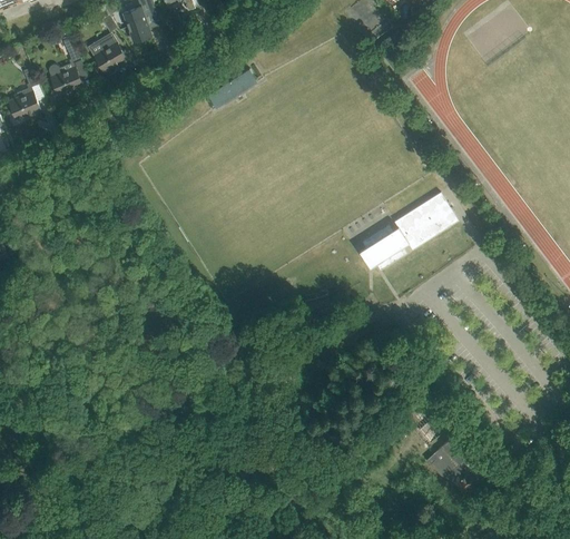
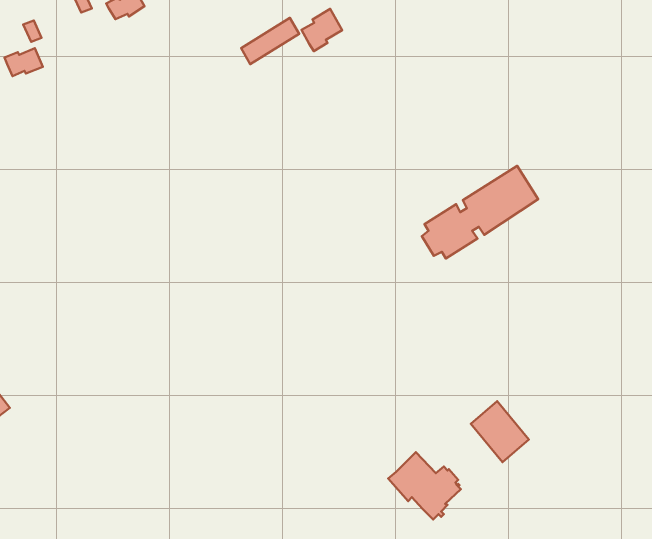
building: none -> [302,9,342,51]
building: [48,63,81,92] -> none
building: [426,438,488,494] -> [388,452,461,520]

